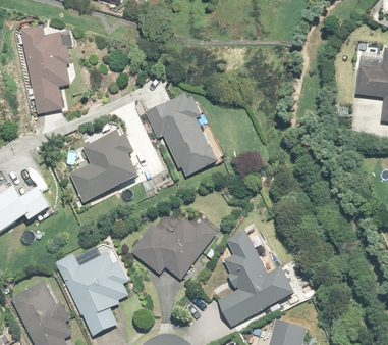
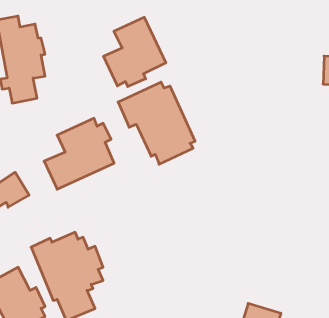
building: none -> [104,17,166,87]
building: [130,218,218,279] -> none
building: [218,231,296,326] -> none

